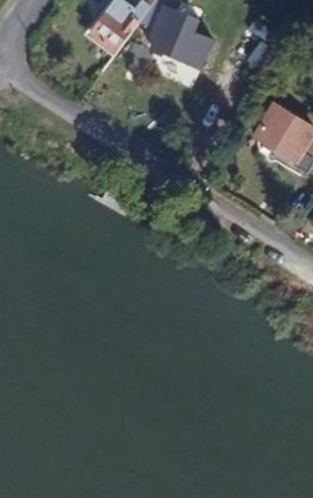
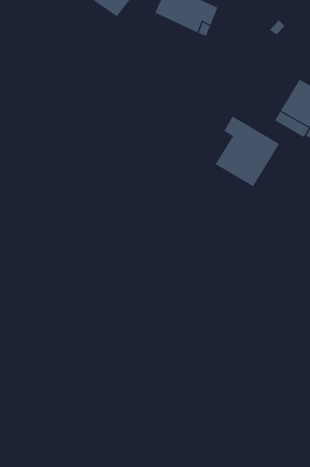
building: none -> [215,116,280,187]

